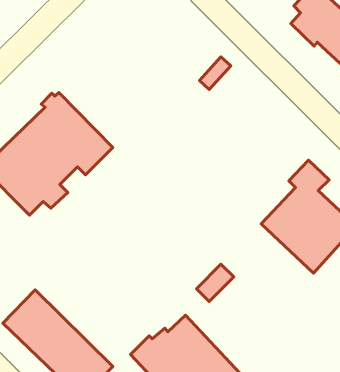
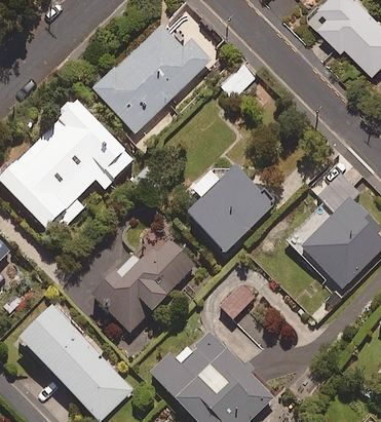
building: none -> [92,24,211,132]
building: none -> [184,167,272,256]
building: none -> [90,238,195,333]

